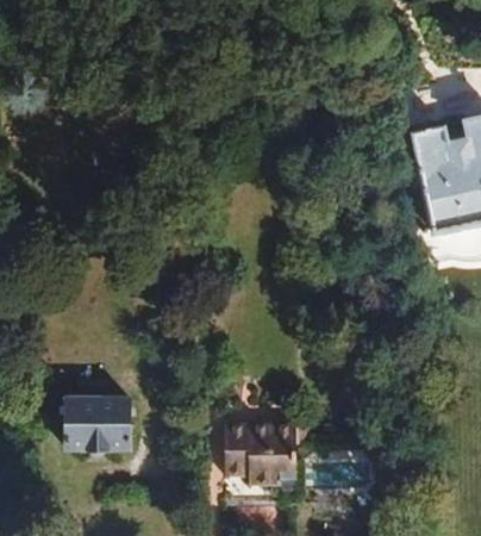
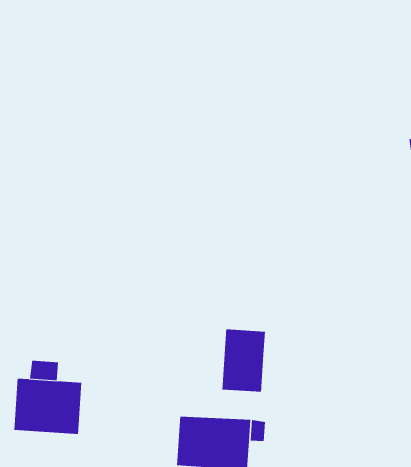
building: none -> [222,329,265,393]

